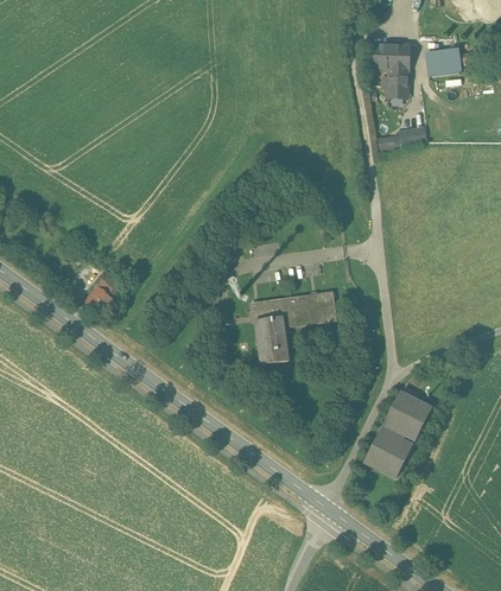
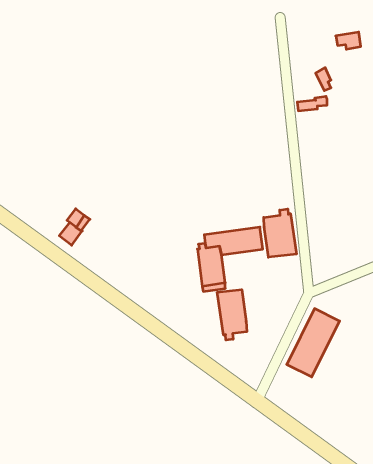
building: [370,43,410,95] -> none
building: none -> [264,209,296,257]
building: none -> [217,290,247,340]

